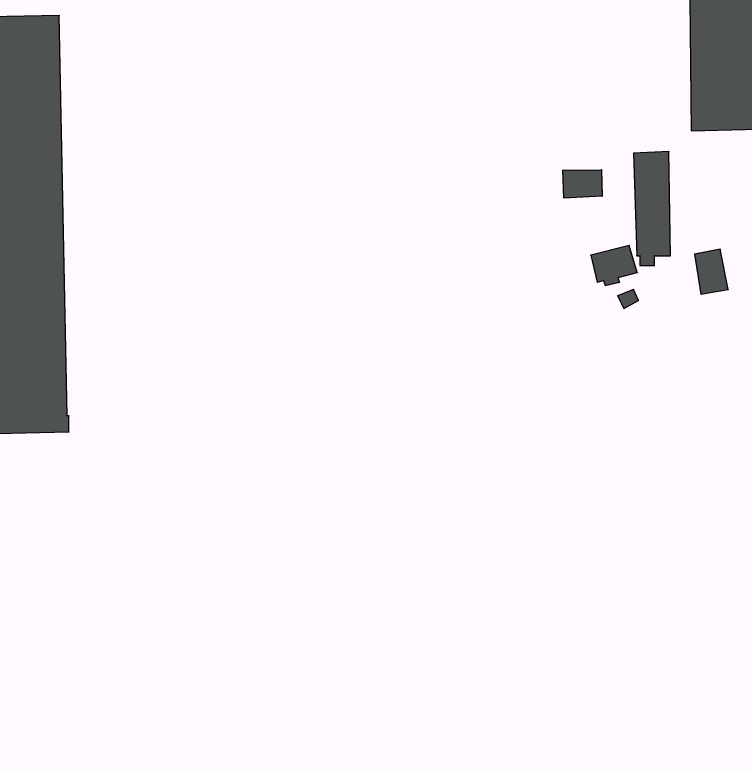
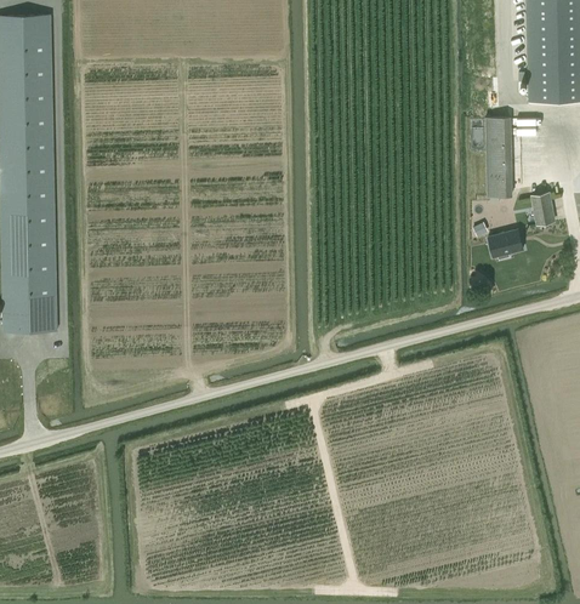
building: [563,170,602,198] -> none
building: [591,245,637,285] -> [488,229,523,260]

